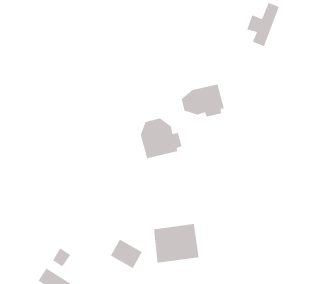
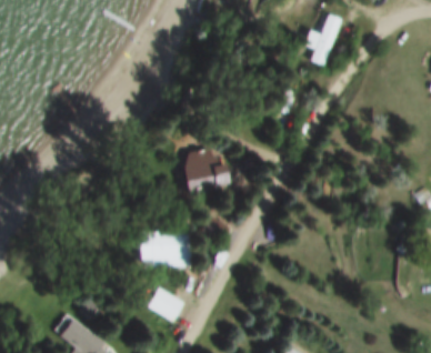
building: [181,84,225,118] -> none
building: [153,223,199,264] -> [138,225,191,272]

